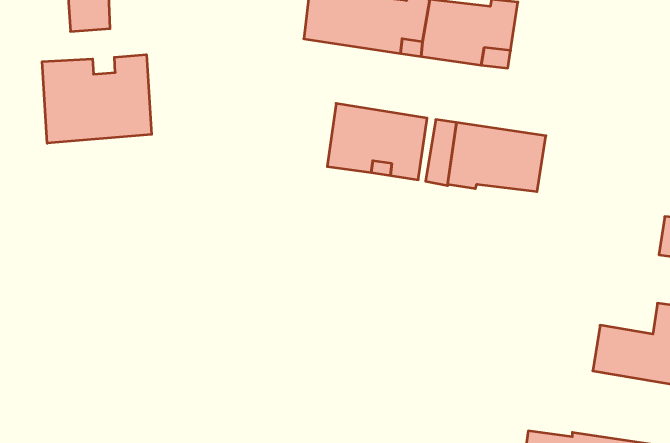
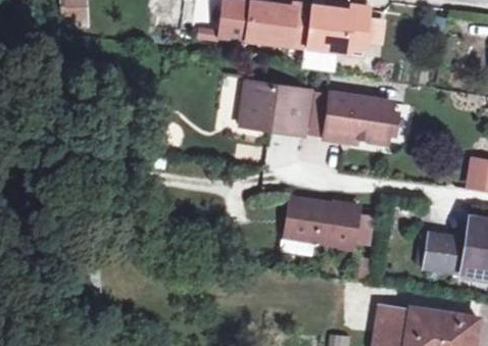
building: [42,55,152,143] -> none
building: none -> [289,197,360,247]

